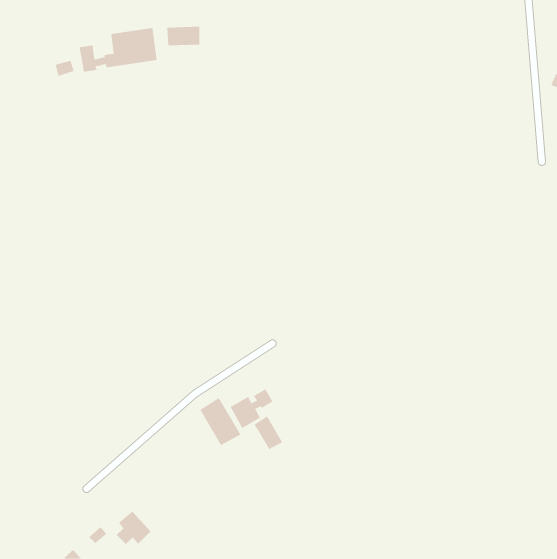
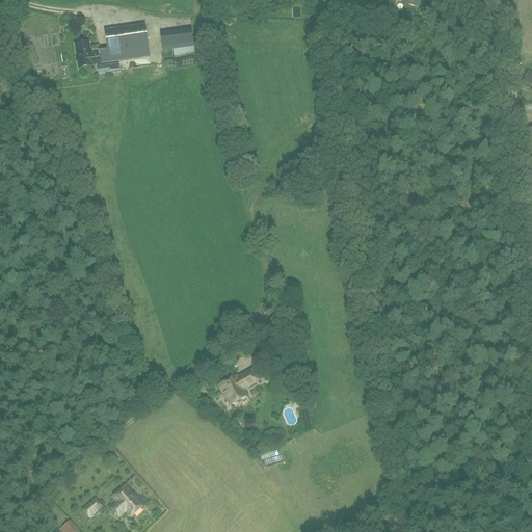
building: [199,397,241,446] -> none
building: [254,416,283,450] -> none

